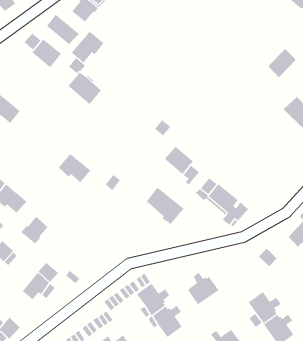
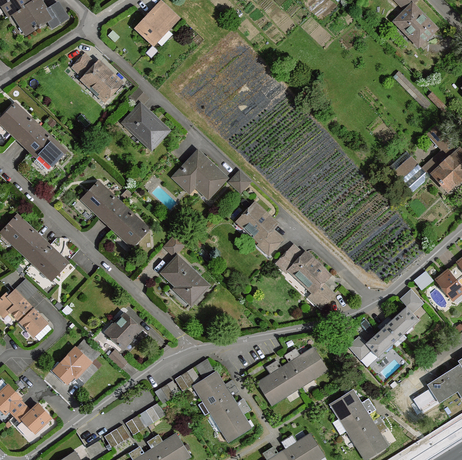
building: [46,14,80,45] -> none
building: [71,31,104,64] -> none
building: [267,48,297,78] -> none
building: none -> [175,153,225,196]
building: none -> [84,182,123,223]
building: [146,187,184,225] -> [162,256,209,304]
building: [21,216,49,244] -> [105,313,140,348]
building: none -> [365,325,398,357]
building: none -> [286,348,326,386]

